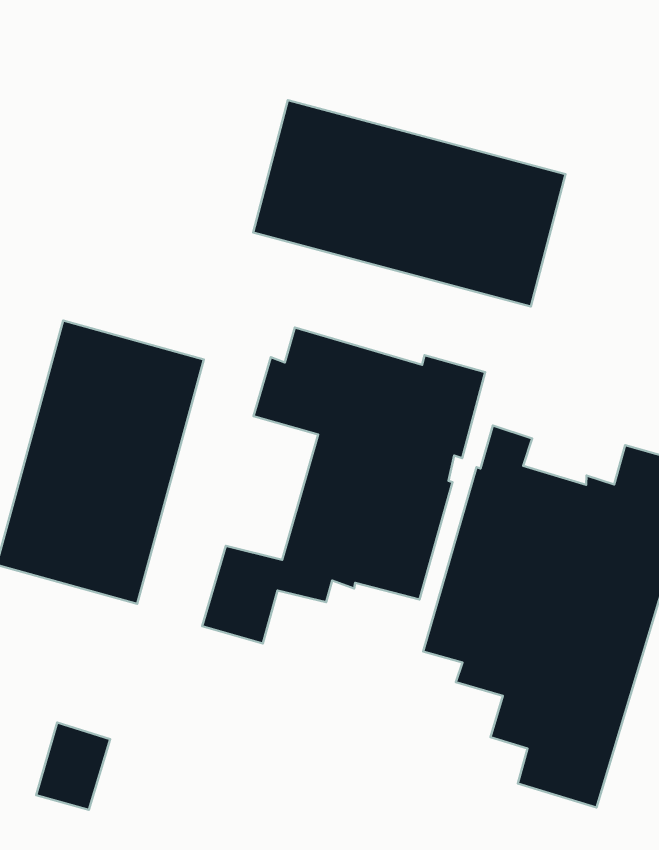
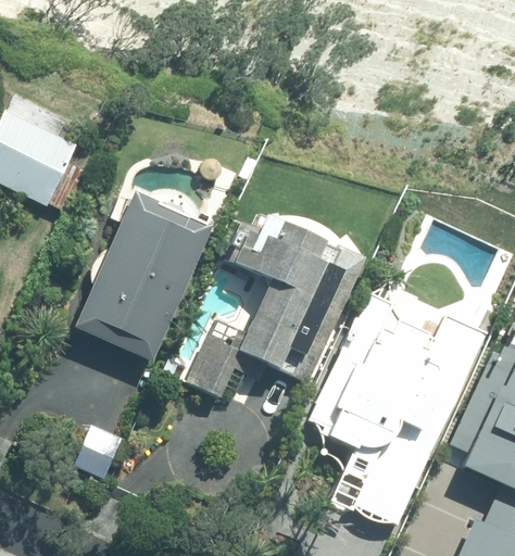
building: [253,100,565,306] -> none

